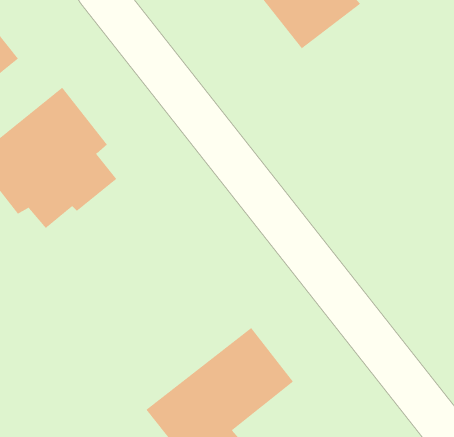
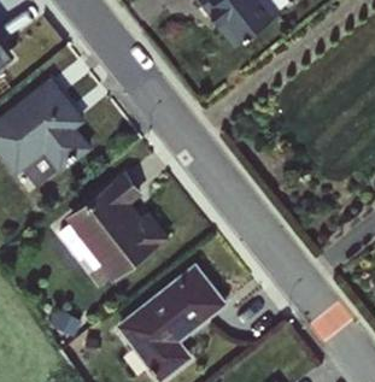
building: none -> [65,172,169,281]

